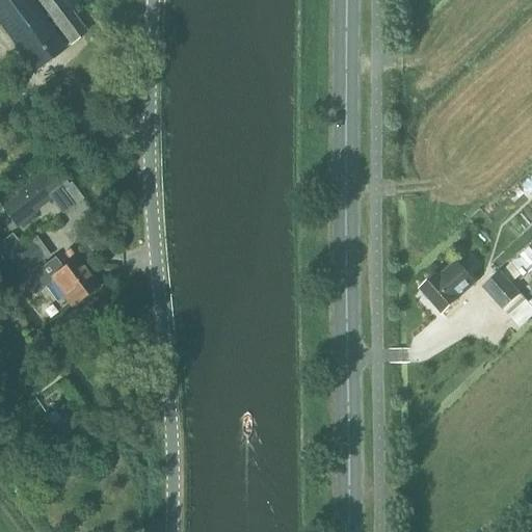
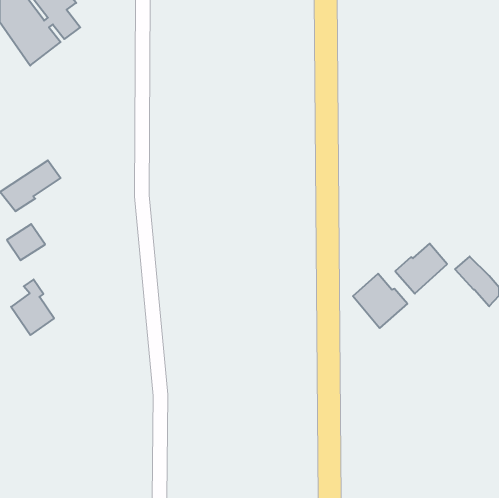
building: [50,245,96,304] -> [11,279,54,335]
building: none -> [353,274,407,328]

